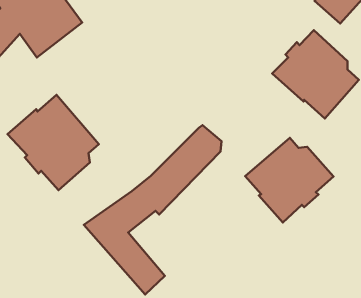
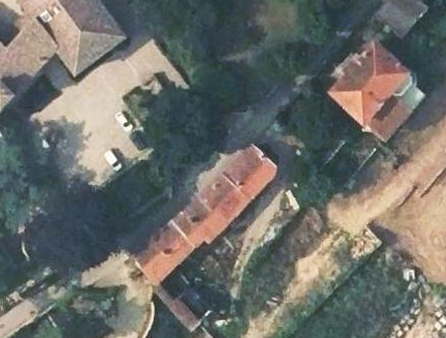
building: [8,95,99,190] -> none
building: [245,138,334,223] -> none

